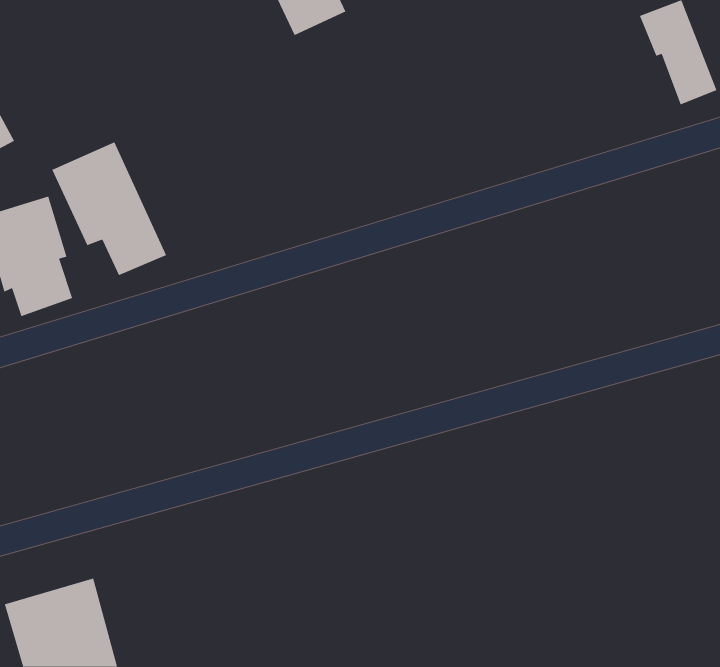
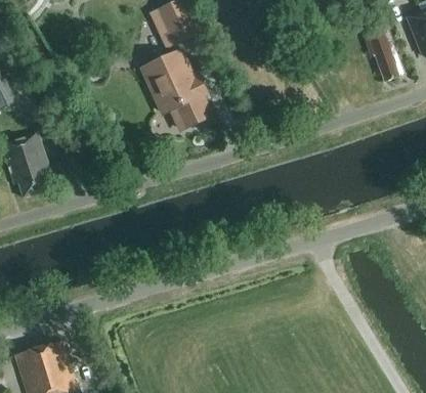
building: [51,141,167,276] -> [145,54,209,128]

